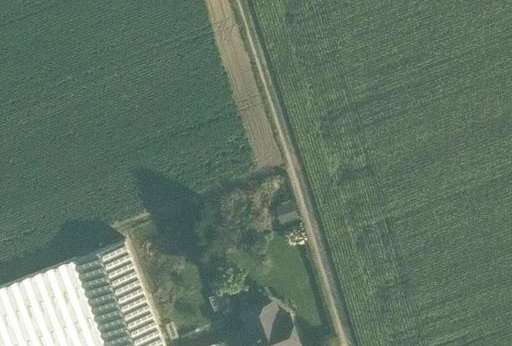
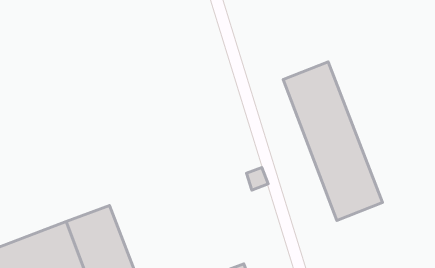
building: none -> [283,62,383,221]

